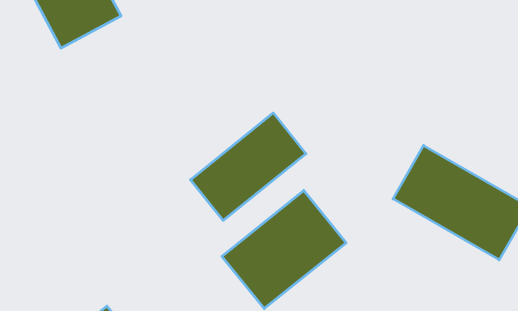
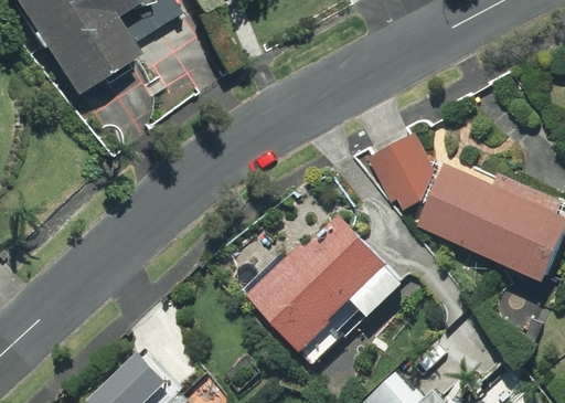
building: [190,113,306,220] -> none
building: none -> [380,136,445,203]

